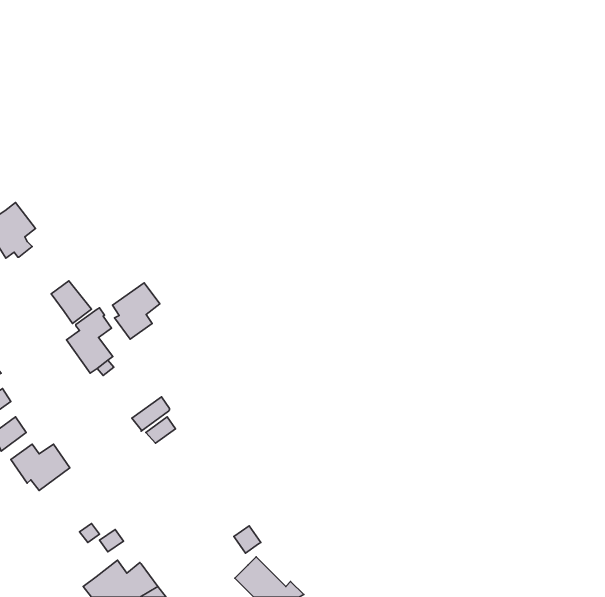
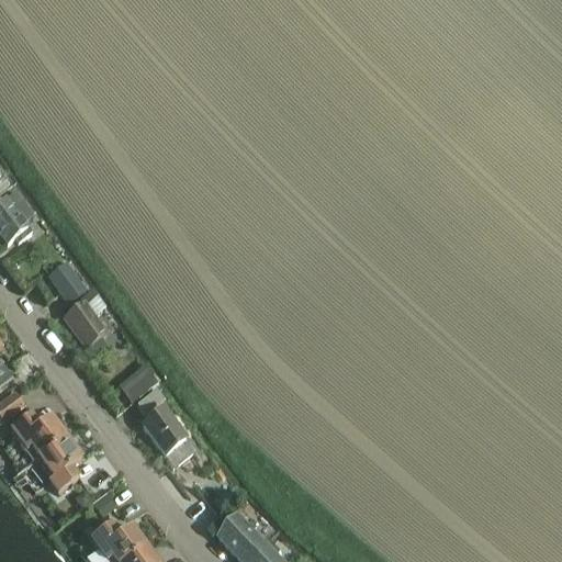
building: [112,283,160,339] -> none
building: none -> [140,407,191,463]
building: none -> [36,434,81,491]

